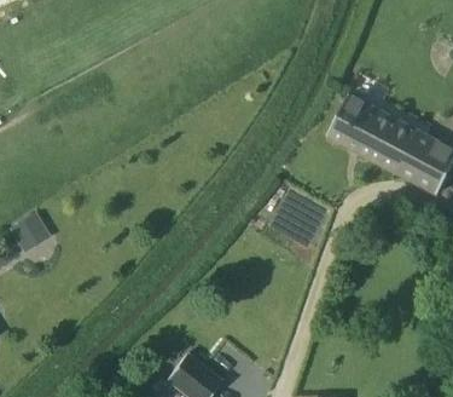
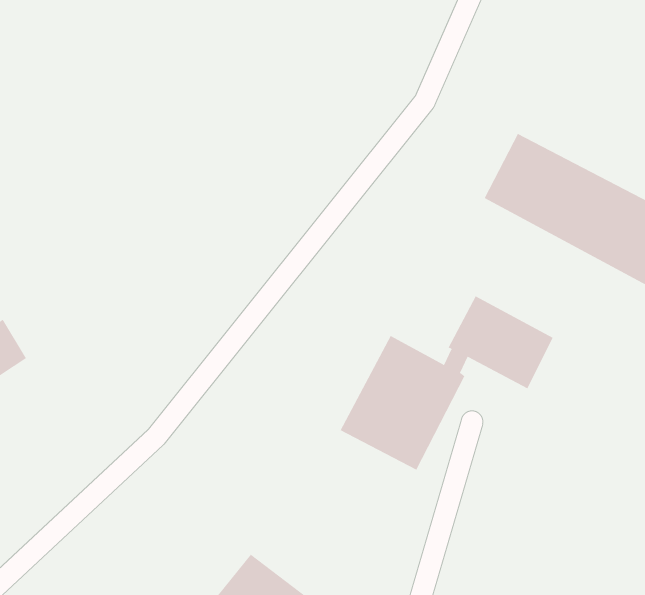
building: none -> [340,296,553,471]

